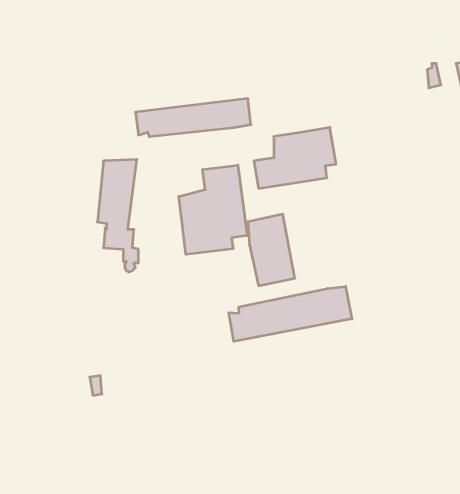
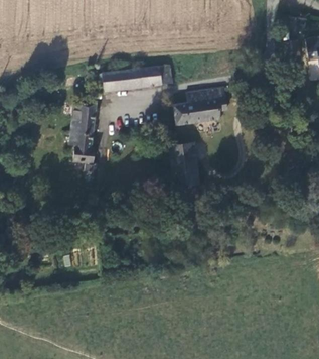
building: [179,165,247,254] -> none
building: [229,286,352,341] -> none

